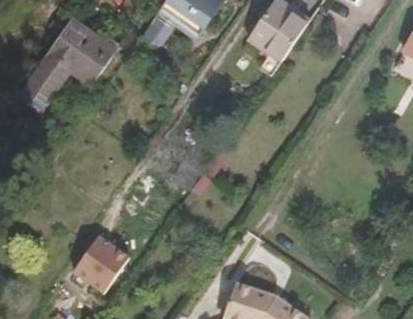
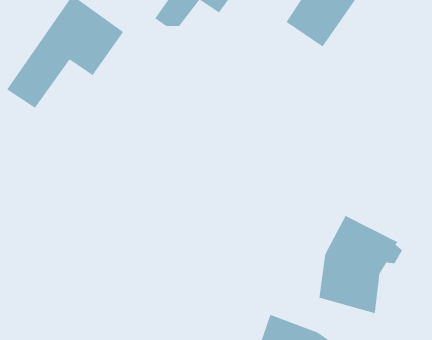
building: none -> [318,215,403,314]
building: [73,230,132,291] -> none

